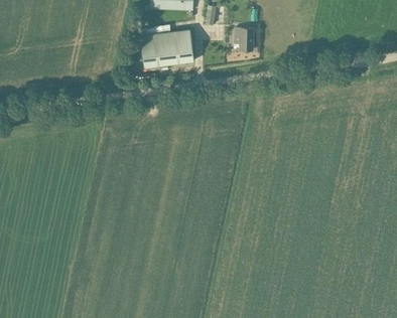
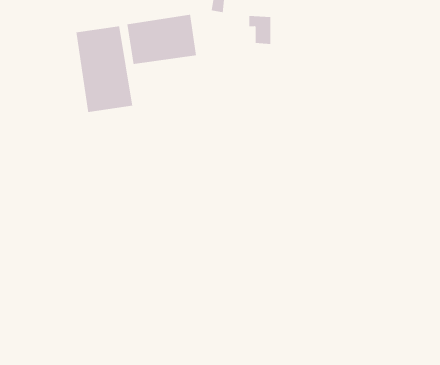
building: none -> [76,26,133,113]

